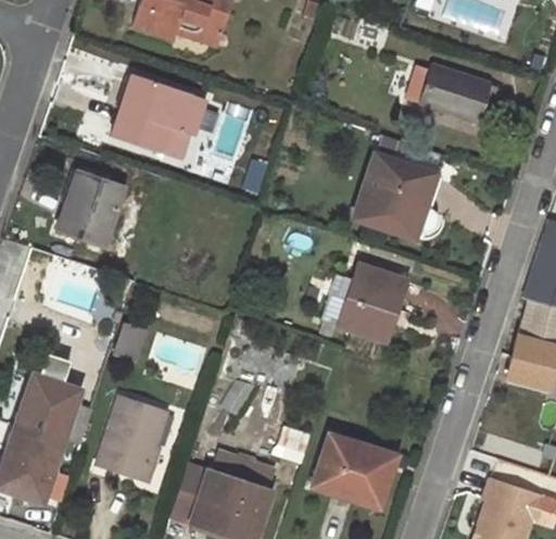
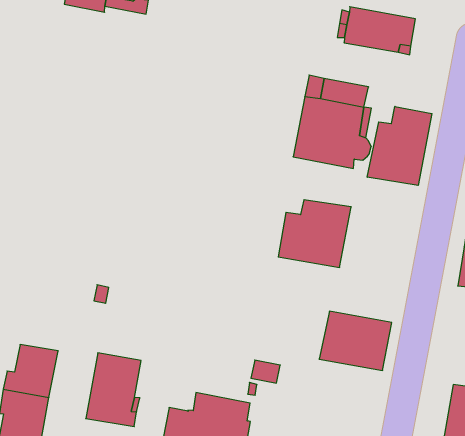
building: [112,76,205,160] -> none
building: [58,171,124,247] -> none
building: none -> [367,106,432,185]
building: [313,435,394,504] -> [319,311,392,370]

